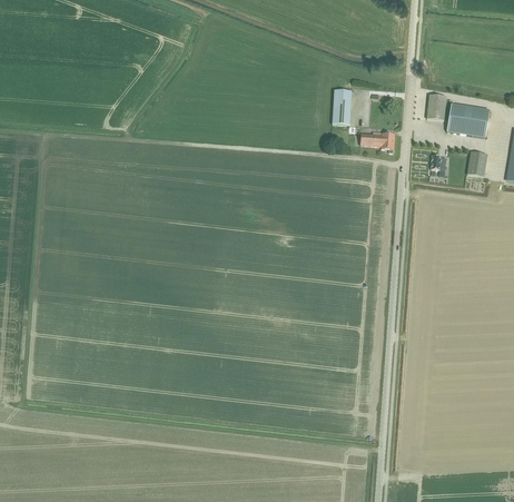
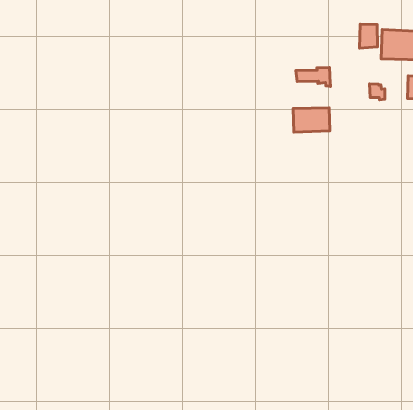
building: [333,89,352,125] -> none
building: none -> [293,108,330,132]

